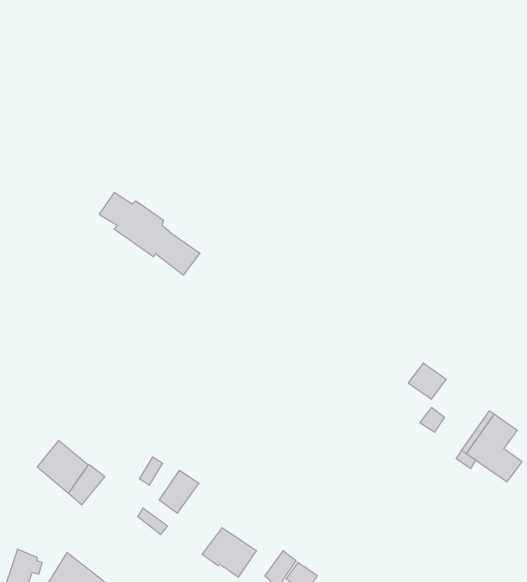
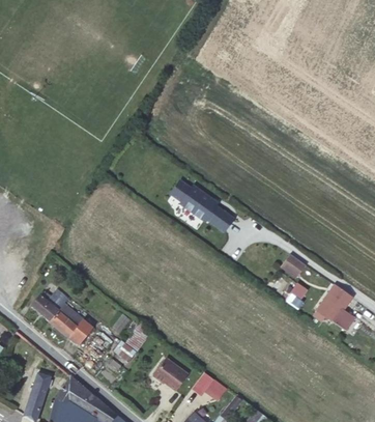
building: [99,193,200,275] -> [171,184,234,235]
building: none -> [31,289,67,320]

